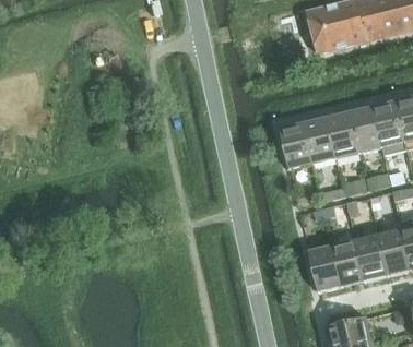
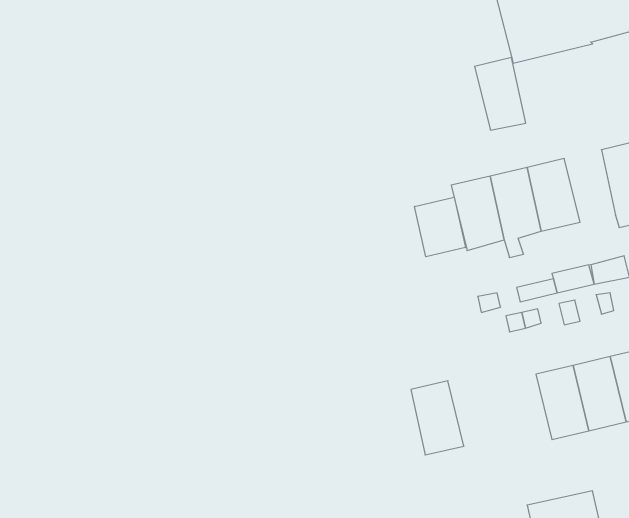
building: [350,106,381,151] -> [475,58,526,130]
building: none -> [415,197,466,257]
building: [309,244,342,290] -> [411,381,464,455]

